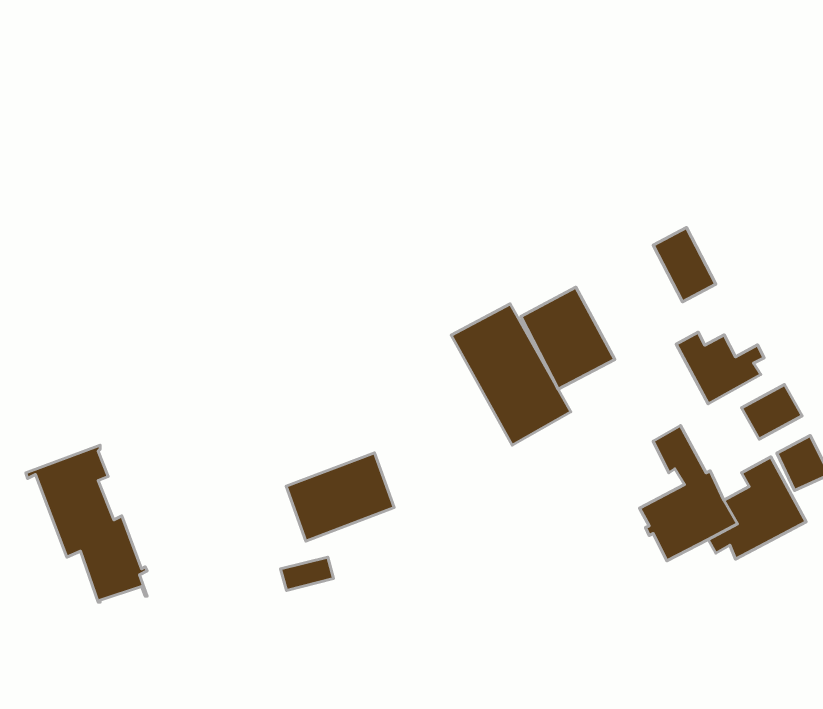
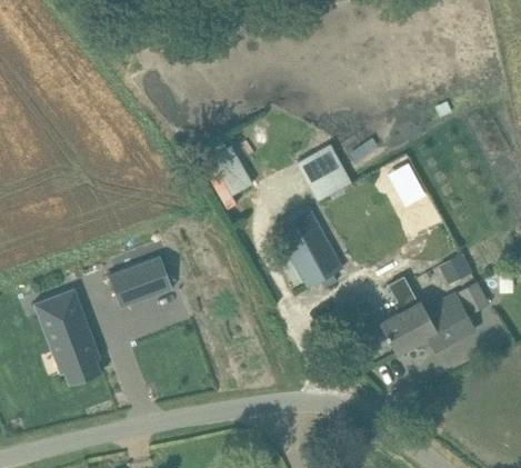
building: none -> [213,145,256,195]
building: [521,287,615,389] -> [295,143,349,201]
building: [676,332,764,404] -> none
building: [286,453,394,541] -> [110,258,171,308]

